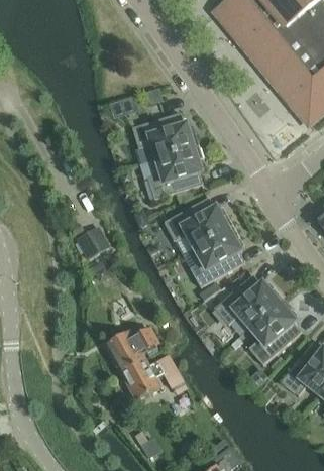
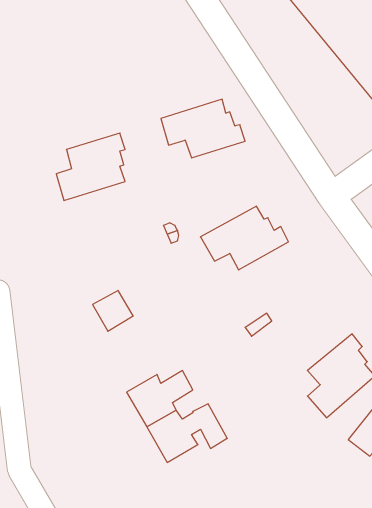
building: [148,146,203,200] -> [56,133,125,201]
building: [190,226,244,287] -> none
building: [77,227,109,259] -> [93,290,133,331]
building: [214,275,284,328] -> none

